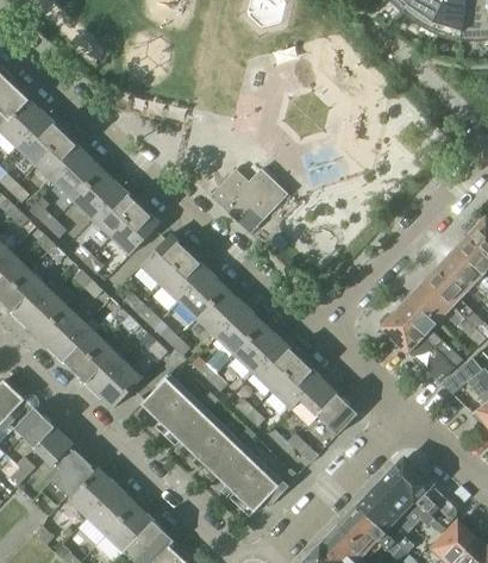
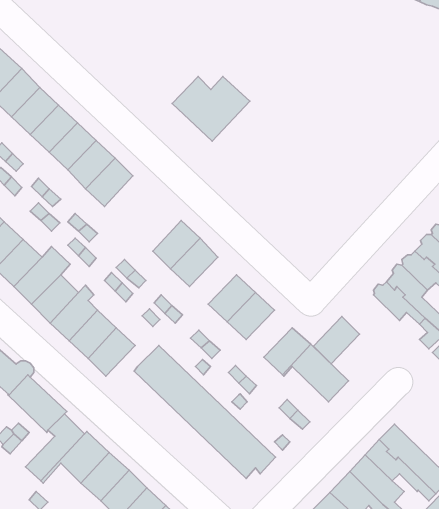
building: [209,168,288,233] -> [172,76,250,141]
building: [111,206,158,255] -> none
building: [140,233,188,282] -> none
building: [196,288,244,336] -> none
building: [254,342,300,389] -> [313,317,359,364]

